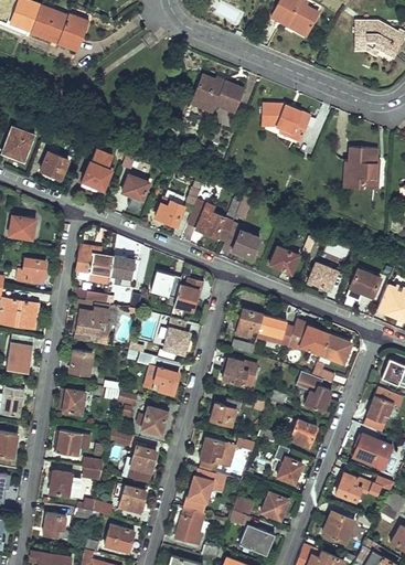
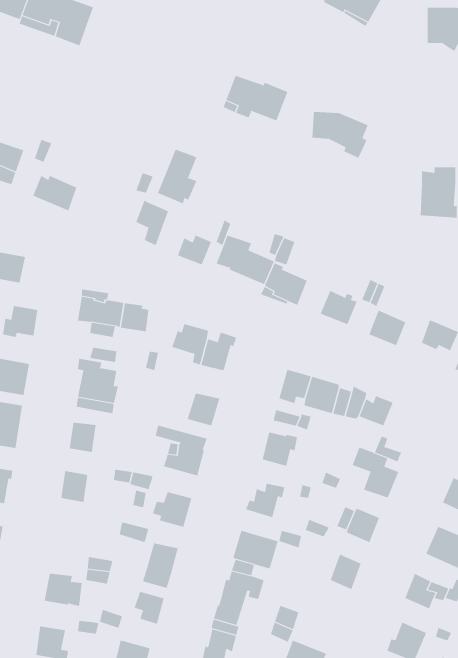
building: [82,147,114,191] -> [157,149,197,204]
building: [320,335,351,363] -> none
building: [56,430,82,457] -> none
building: [262,492,288,520] -> none

